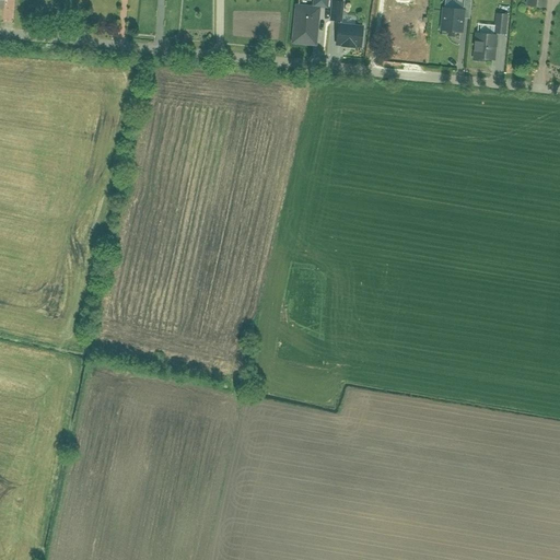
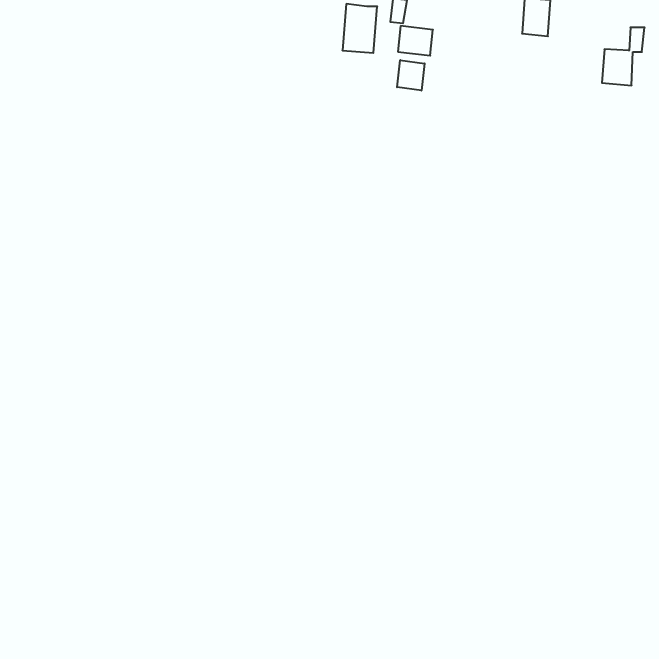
building: [474,11,510,60] -> [602,27,645,85]
building: none -> [397,60,425,91]

